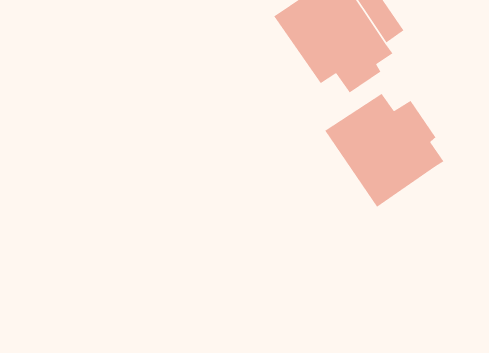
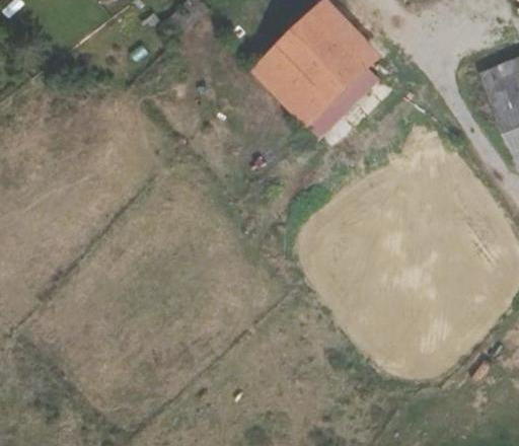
building: [324,93,444,208] -> none

